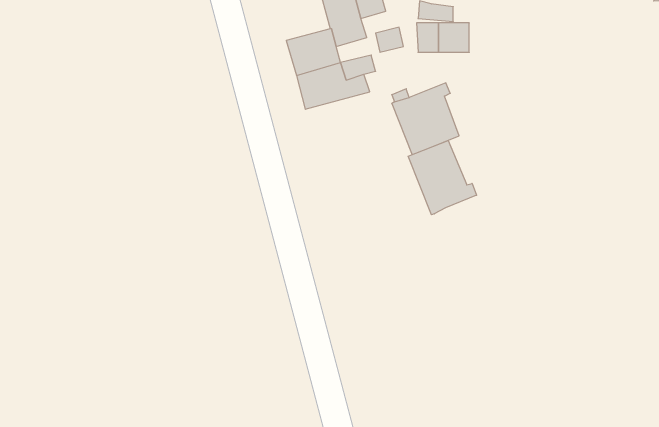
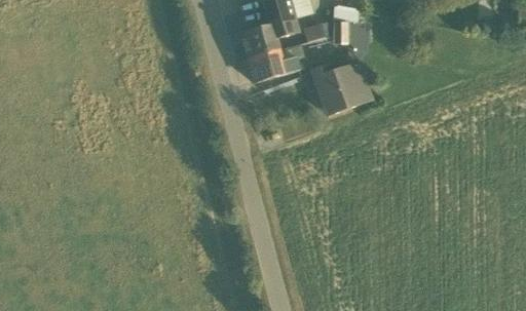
building: [408,141,477,215] -> none

